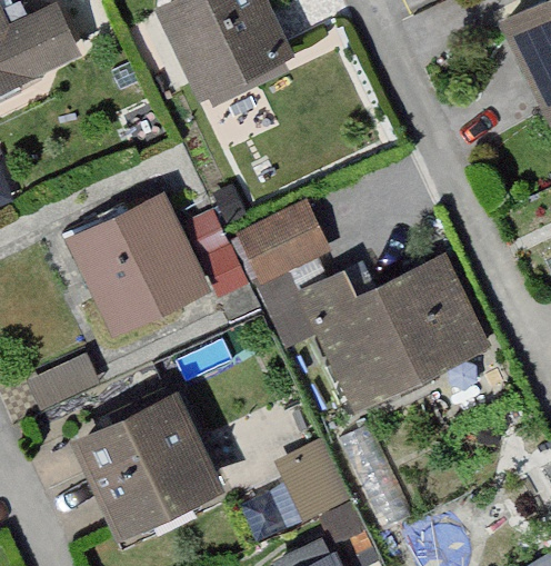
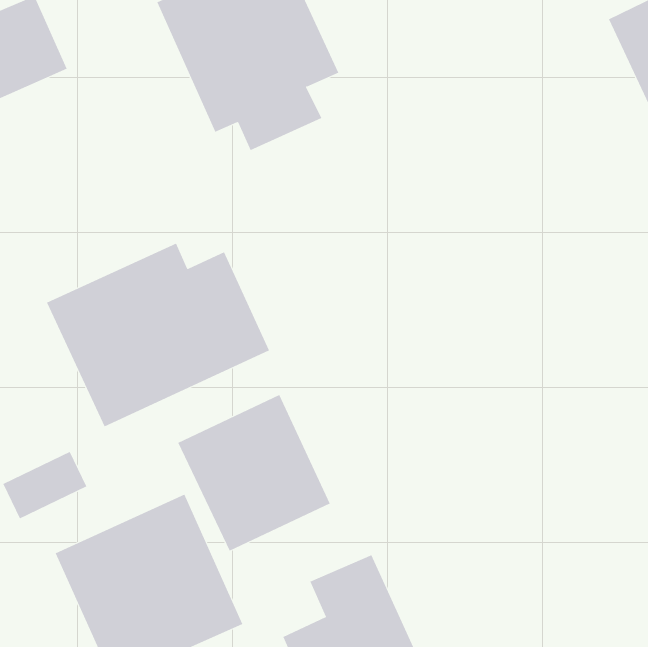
building: [238,203,330,281] -> none
building: [299,250,491,410] -> none
building: none -> [178,394,330,552]

